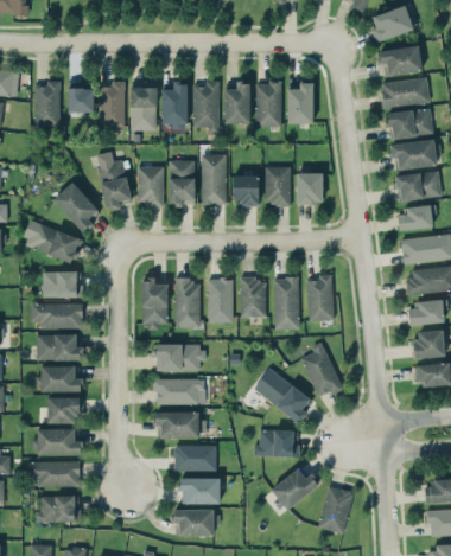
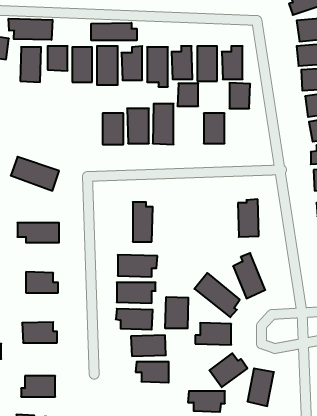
building: none -> [9,19,52,40]
building: none -> [91,23,137,40]
building: [96,152,129,207] -> none
building: [296,172,322,204] -> [229,83,250,108]
building: [231,175,258,204] -> [177,83,198,106]
building: [52,183,100,230] -> none
building: [42,270,81,298] -> none
building: [273,277,298,330] -> none
building: [141,279,166,324] -> none
building: [207,279,231,322] -> none
building: [239,279,265,317] -> none
building: [36,334,81,360] -> none
building: [46,396,82,424] -> none
building: none -> [165,297,188,328]
building: [26,460,80,487] -> none
building: [172,510,218,536] -> [188,391,225,412]

